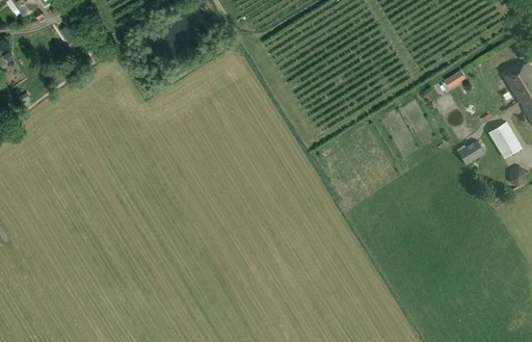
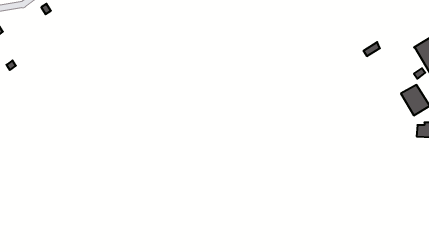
building: [457,138,486,164] -> none

